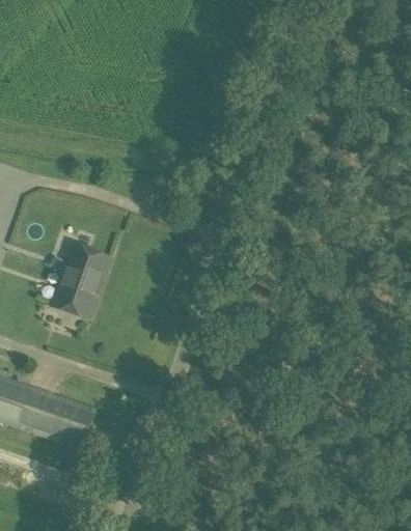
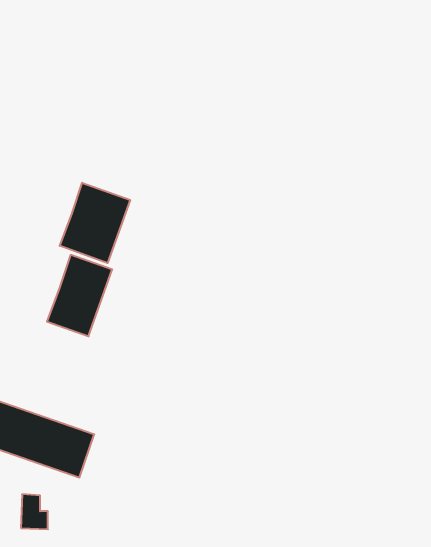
building: none -> [60,183,130,263]

